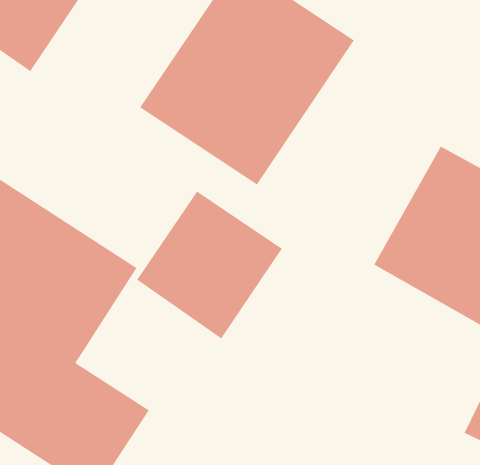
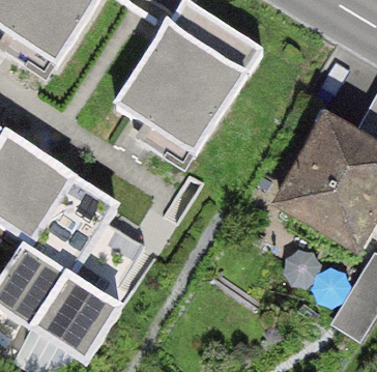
building: [136,191,283,339] -> none

